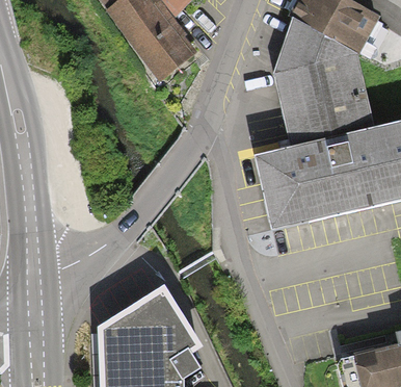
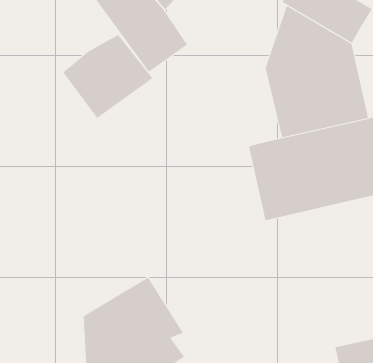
building: none -> [62,34,153,119]

